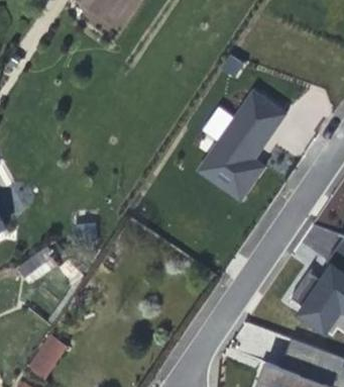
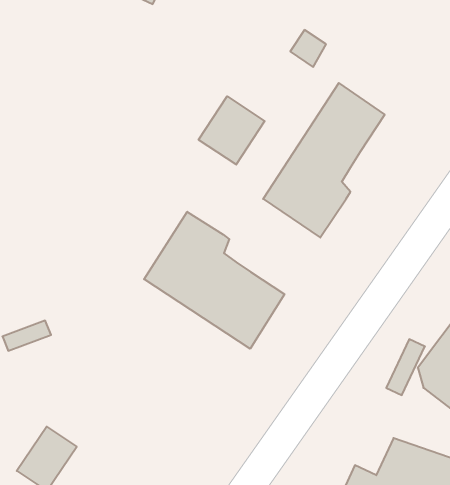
building: none -> [199,96,265,165]
building: none -> [144,212,284,349]

